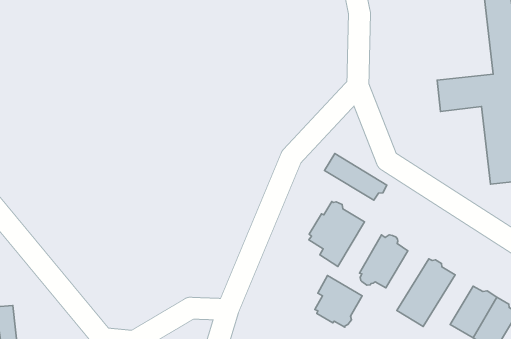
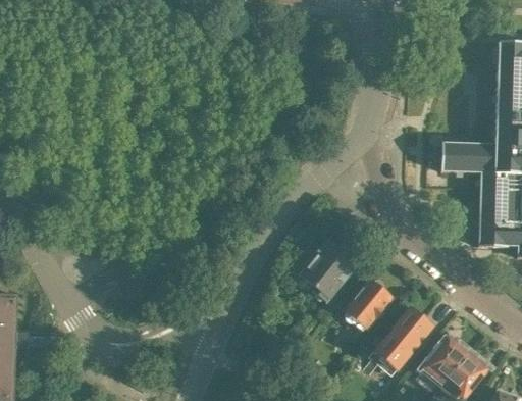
building: [324,154,387,200] -> none
building: [315,276,362,327] -> none

